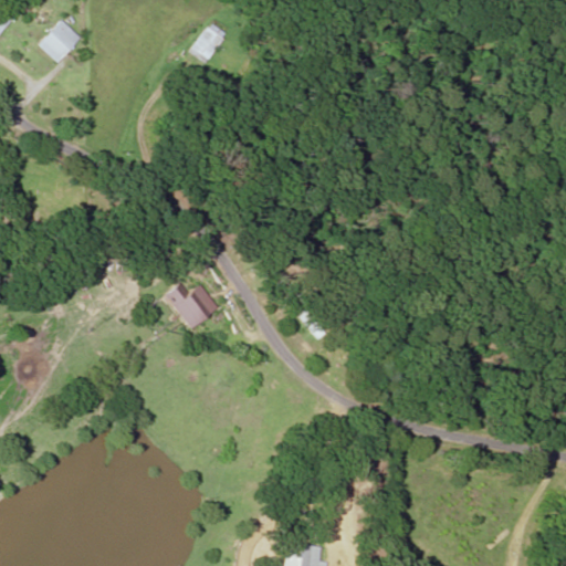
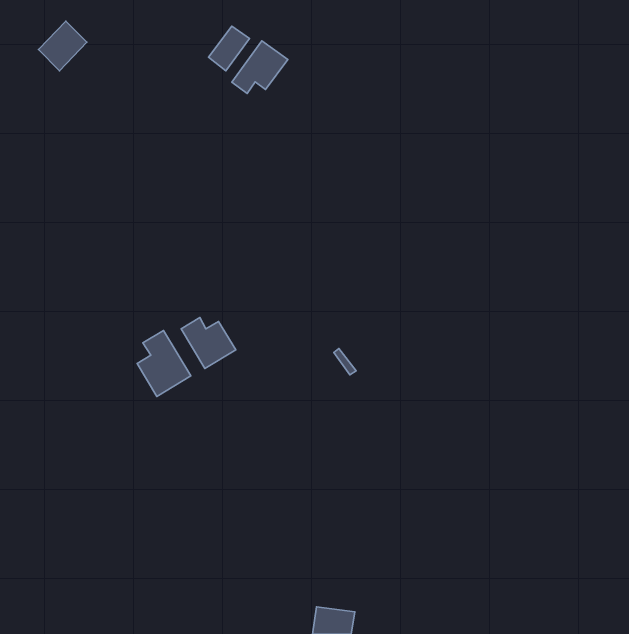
building: none -> [232,41,288,94]
building: none -> [137,331,191,396]

